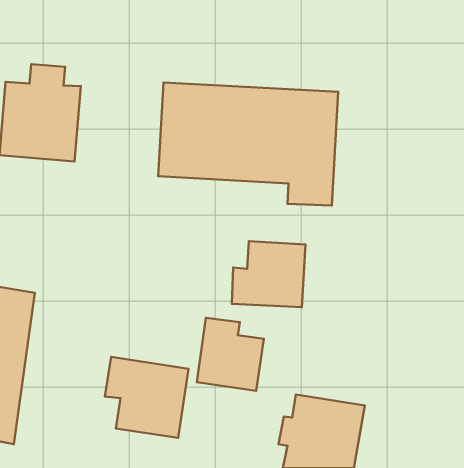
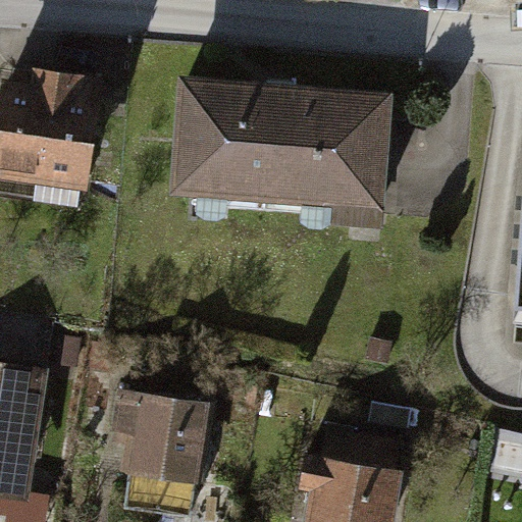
building: [232,241,305,307] -> none
building: [197,318,264,391] -> none

